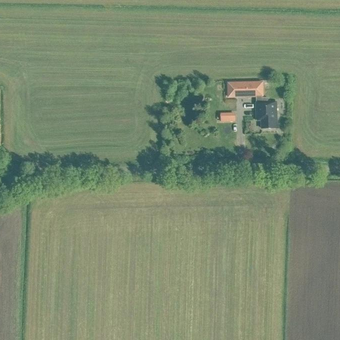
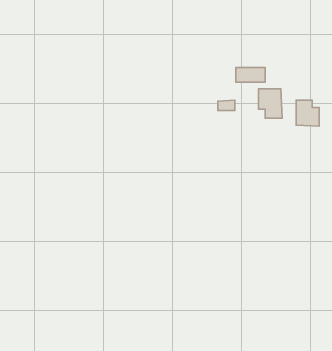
building: none -> [296,100,319,126]

